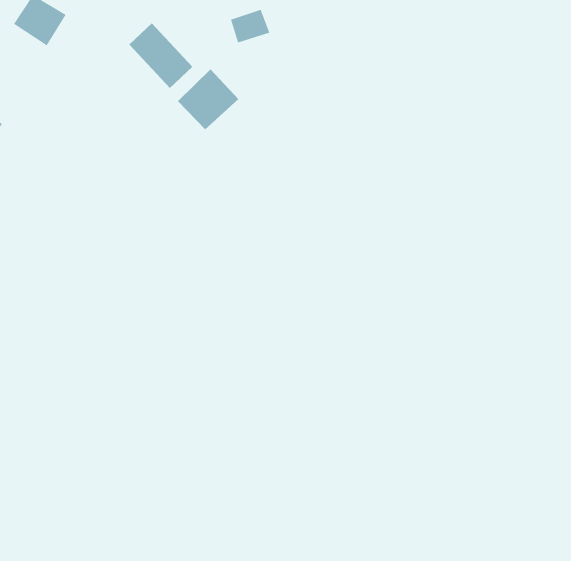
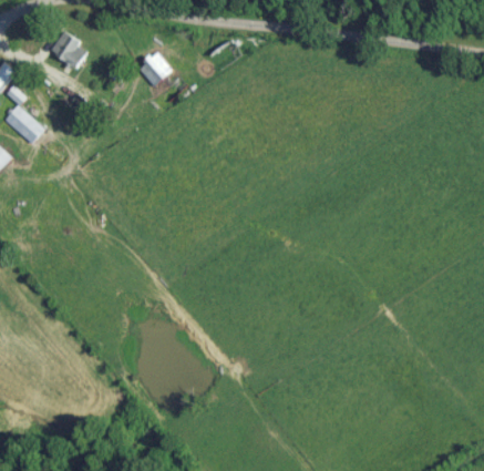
building: [177,69,239,130] -> none

